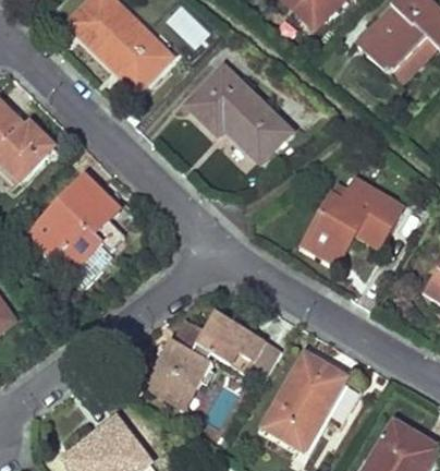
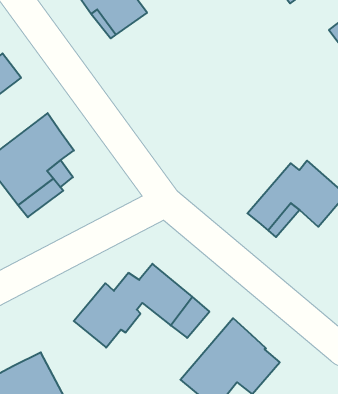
building: [188,65,288,159] -> none

